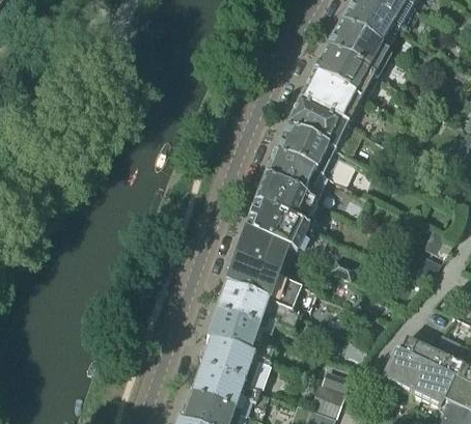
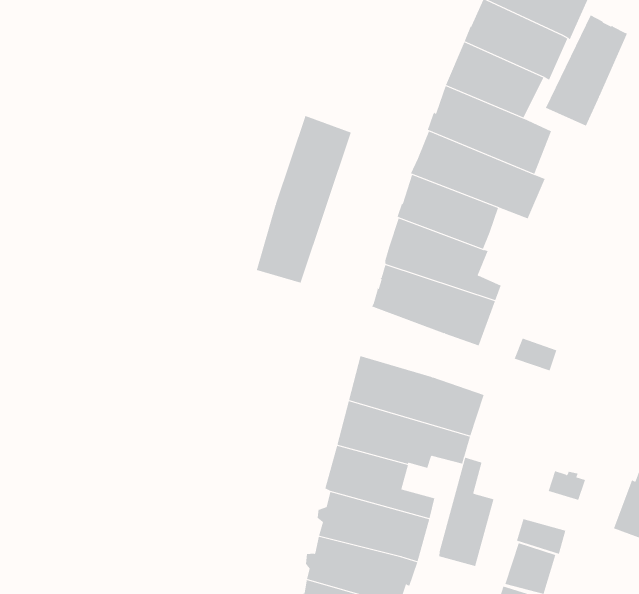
building: none -> [545,15,628,126]
building: none -> [256,115,351,284]
building: [233,231,286,277] -> none
building: none -> [439,457,494,567]

